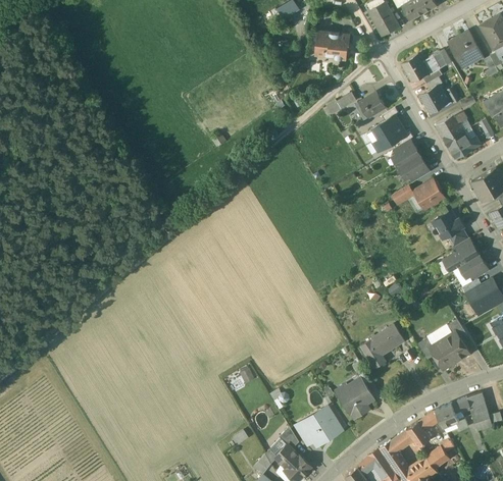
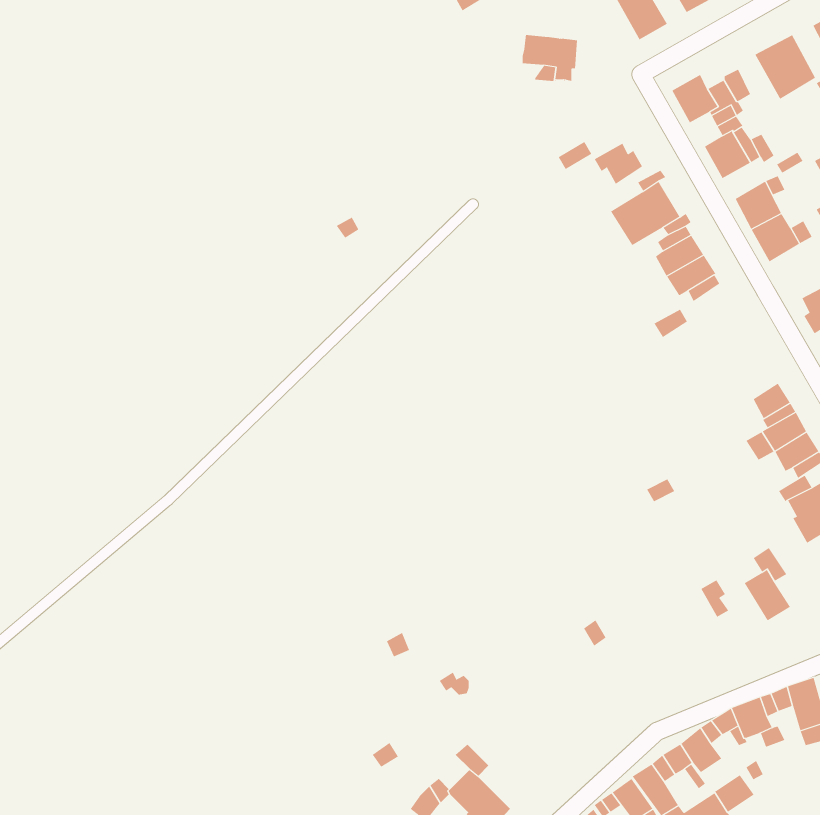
building: [414,178,443,208] -> none
building: [432,211,463,238] -> none
building: [360,325,403,368] -> none
building: [429,340,455,370] -> none
building: [335,377,373,418] -> none
building: [295,407,342,445] -> none

